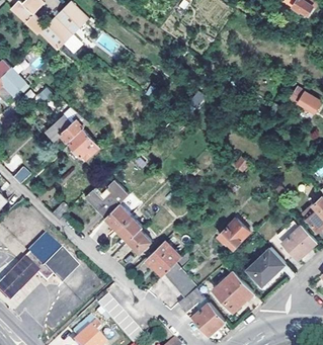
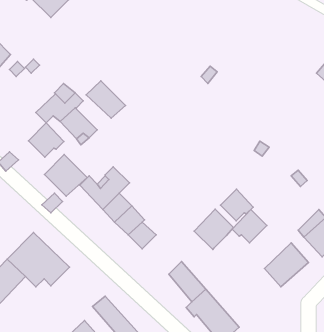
building: none -> [86,81,125,118]
building: none -> [28,123,64,157]
building: none -> [45,155,87,196]
building: none -> [220,189,253,221]
building: [146,240,180,275] -> [194,209,234,249]
building: [214,271,253,311] -> none

